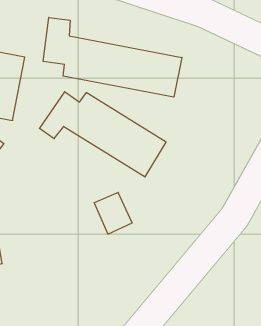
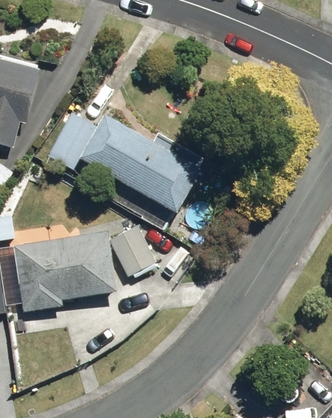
building: [43,17,182,97] -> none
building: none -> [14,231,116,311]

